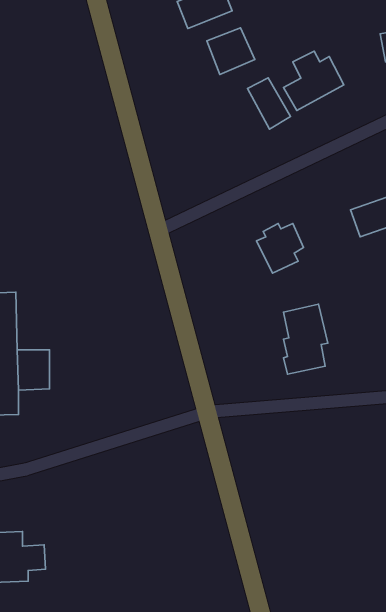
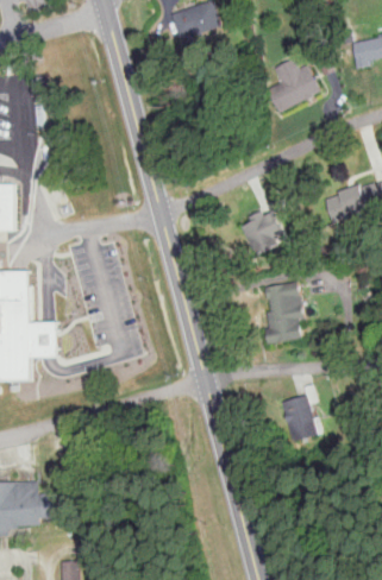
building: [207,28,255,74] -> none
building: [247,78,290,129] -> none
building: none -> [281,393,319,442]

